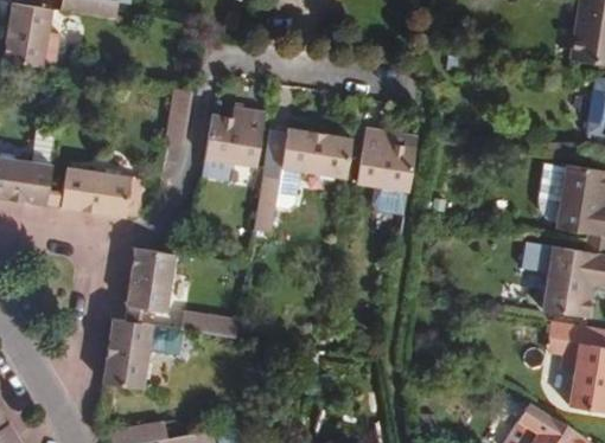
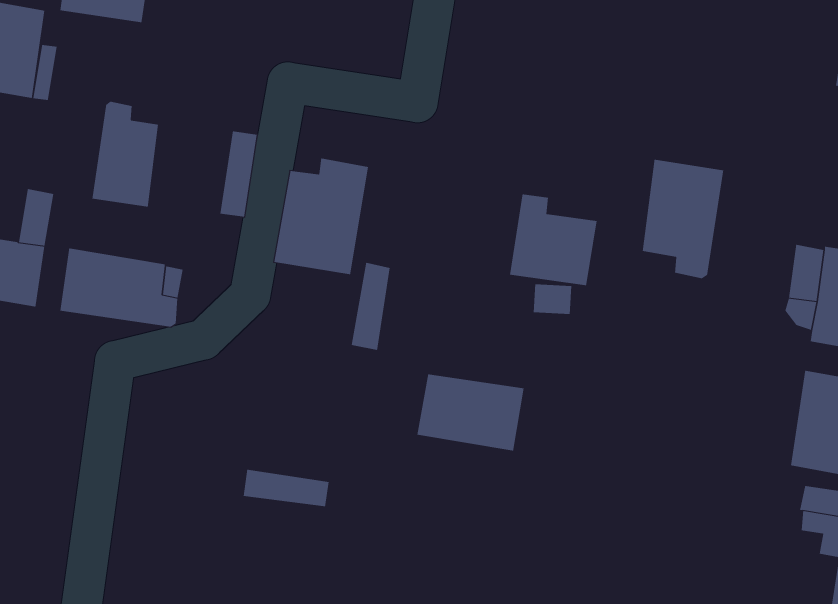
building: none -> [92,101,158,208]
building: none -> [642,159,724,279]
building: [281,128,352,179] -> [417,374,525,451]
building: [126,248,174,310] -> none
building: [102,319,152,389] -> none

